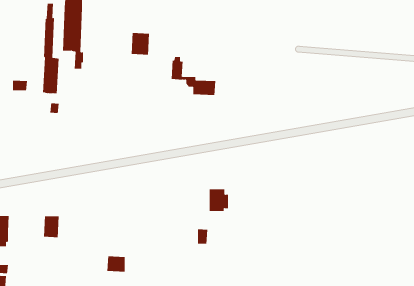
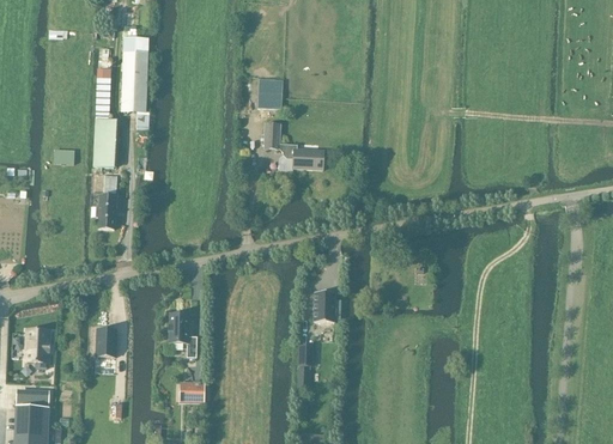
building: [131,33,150,55] -> [257,78,283,108]
building: none -> [96,194,115,229]
building: none -> [169,314,196,357]

